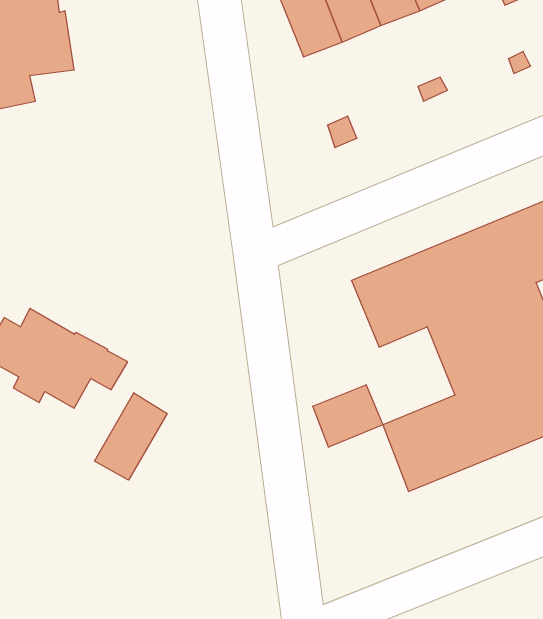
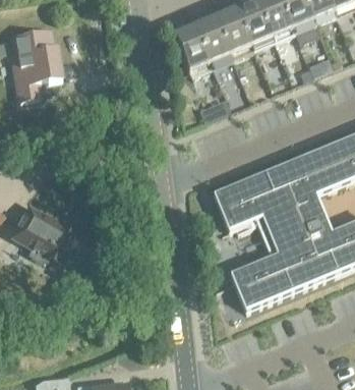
building: [313,385,383,447] -> none
building: [95,393,167,480] -> none

